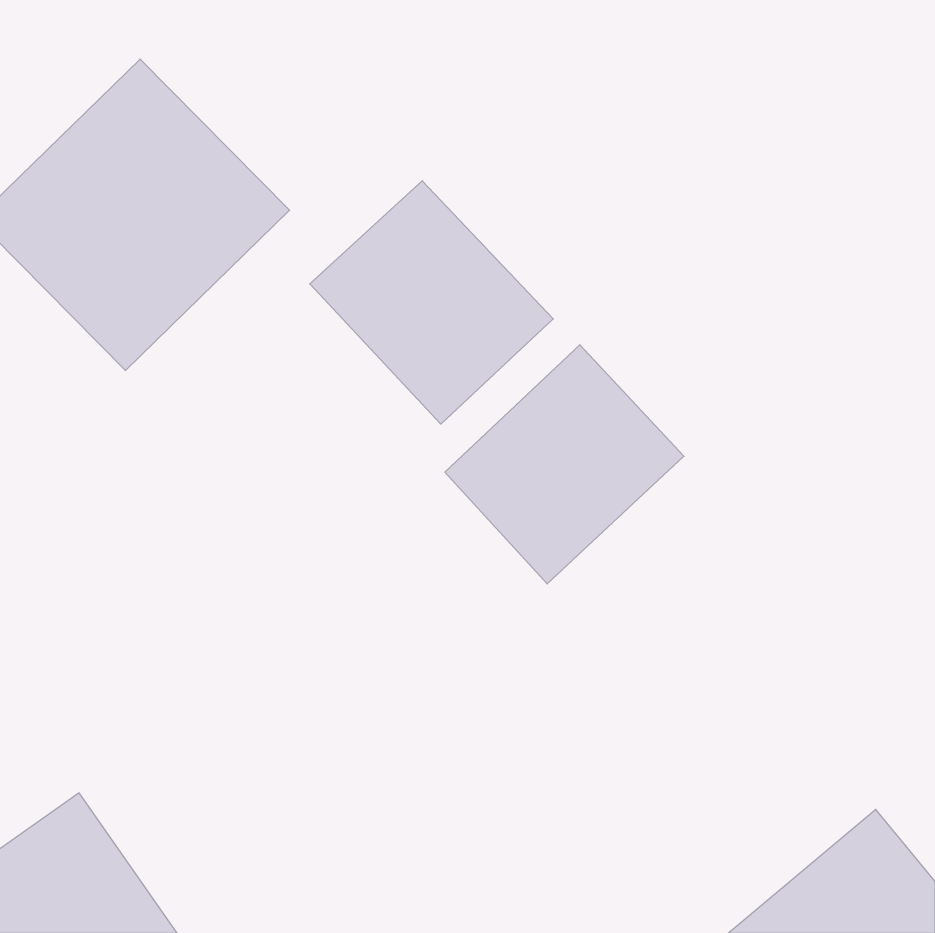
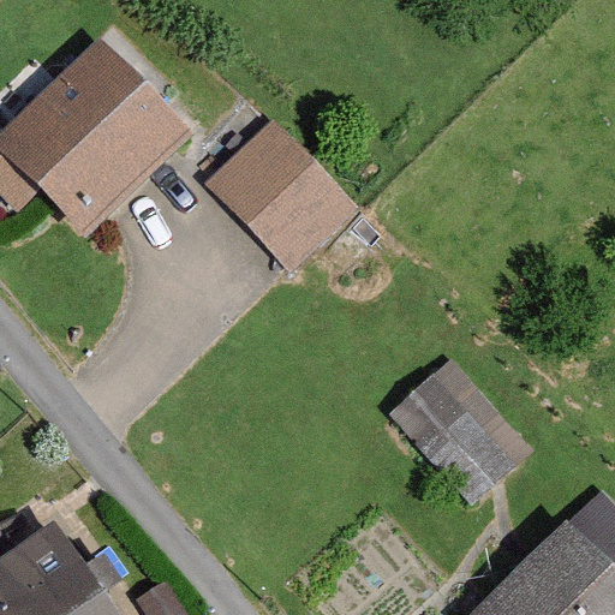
building: [445,345,684,584] -> none
building: none -> [395,360,537,508]

